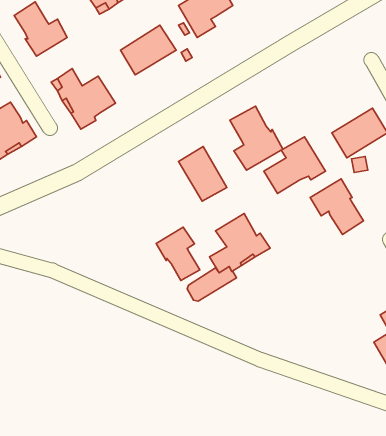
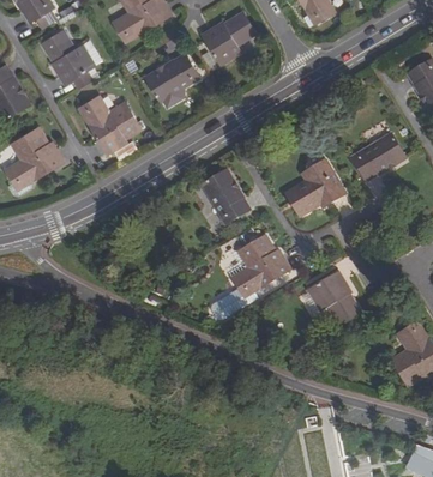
building: [230,106,283,170] -> none
building: [310,179,363,235] -> [307,272,359,326]
building: [156,227,200,281] -> none

